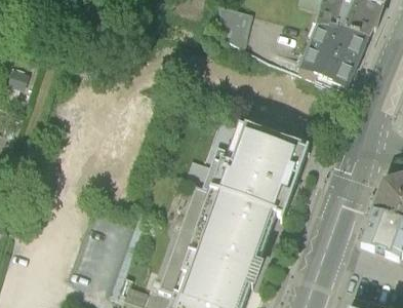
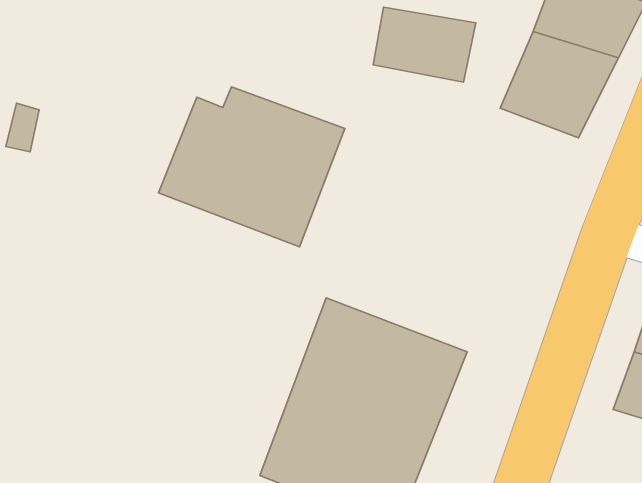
building: [194,117,304,211] -> [159,87,345,247]

